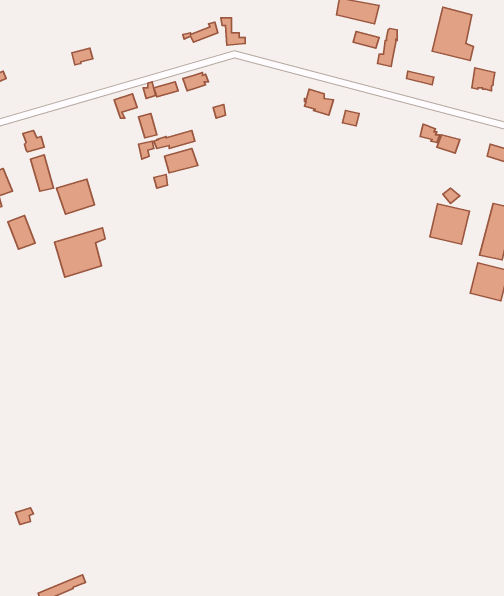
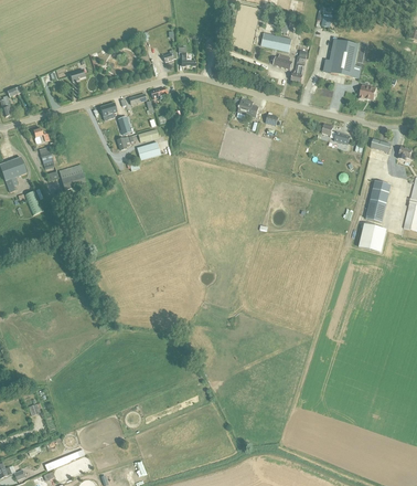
building: [430,204,469,244] -> none
building: [54,228,105,277] -> none

